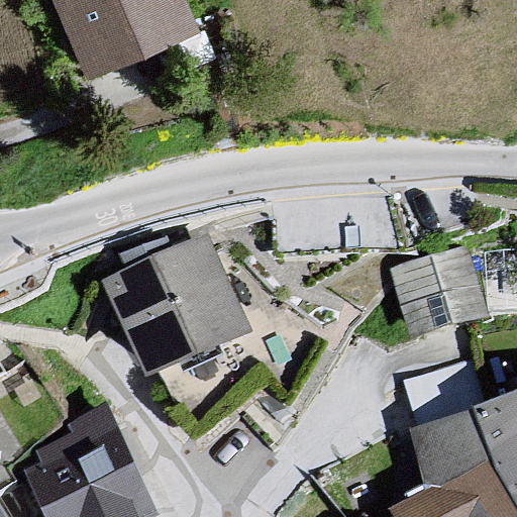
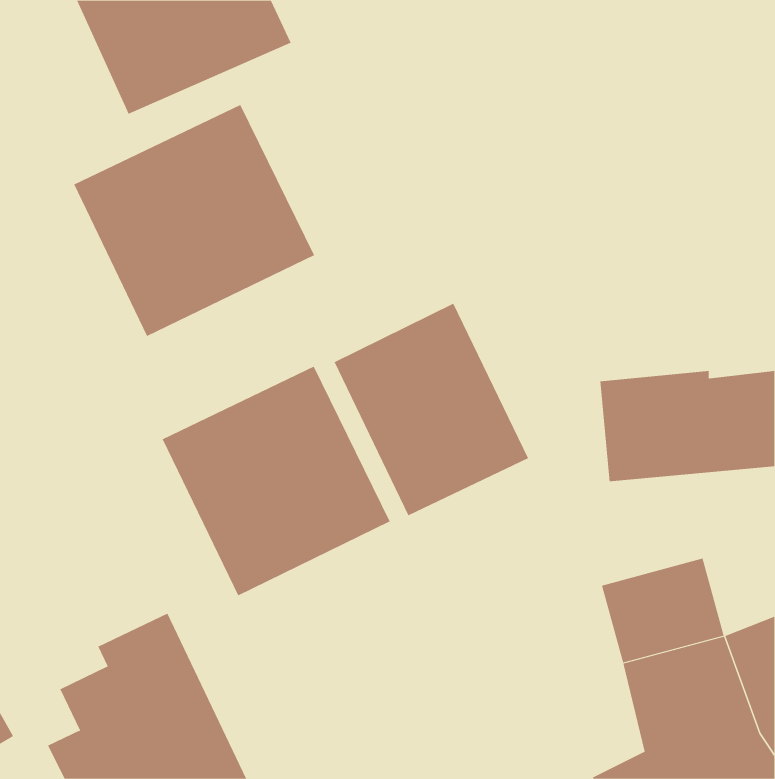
building: none -> [74,104,315,337]
building: none -> [334,303,529,516]

